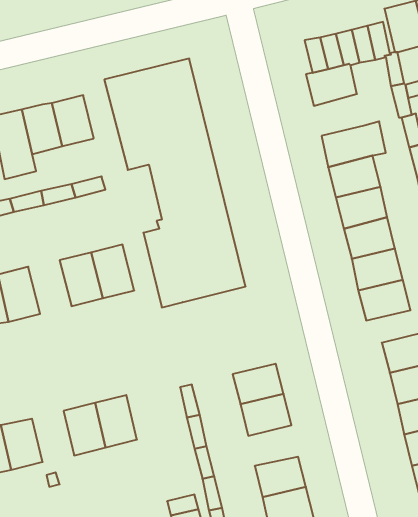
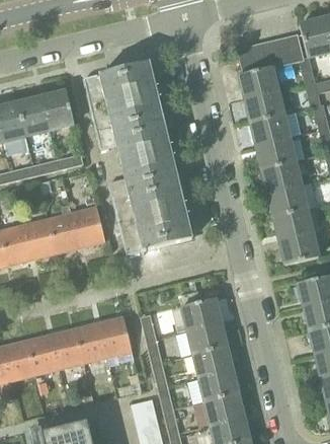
building: none -> [244,87,295,122]
building: none -> [23,218,57,260]
building: none -> [99,316,132,357]
building: none -> [26,335,59,374]
building: none -> [193,346,232,377]

